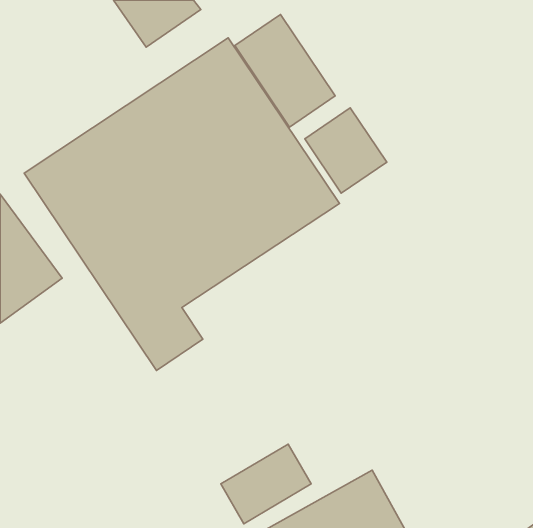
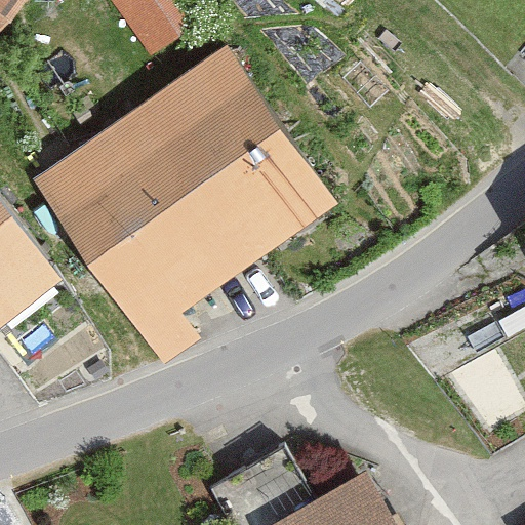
building: [235,14,335,127] -> none
building: [305,108,387,193] -> none

